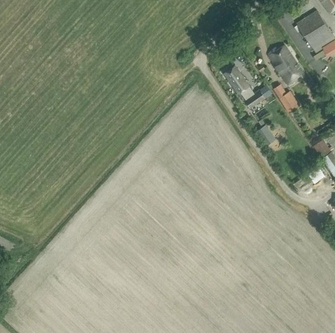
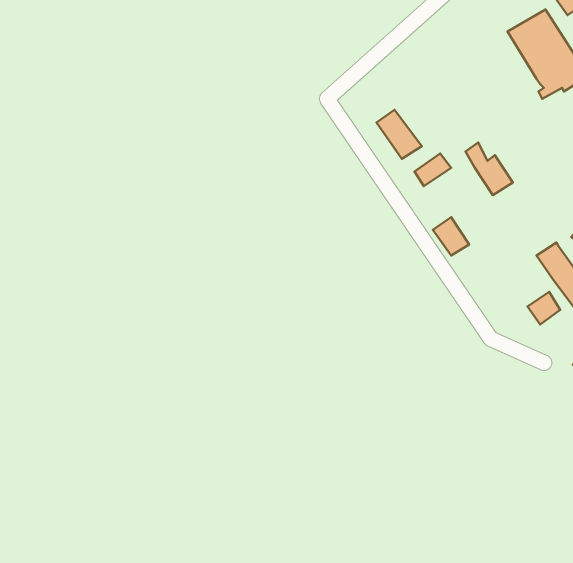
building: [268,45,304,84] -> none

